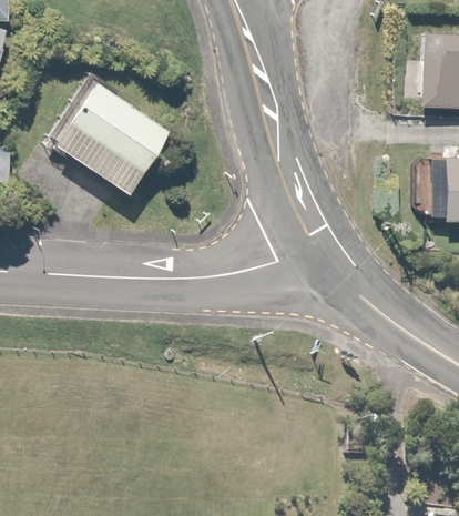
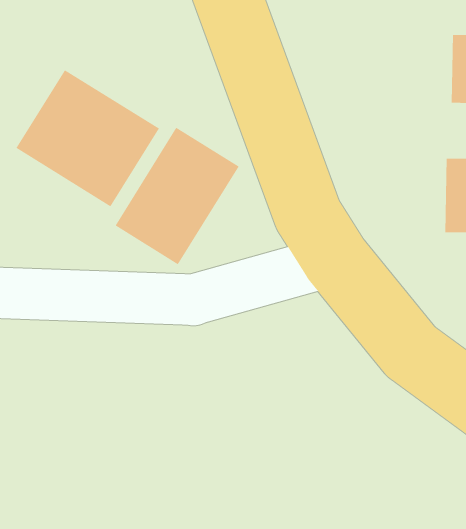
building: none -> [115,127,239,265]

